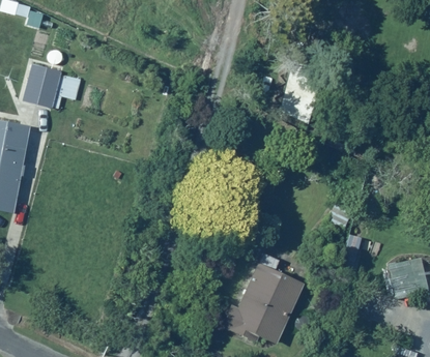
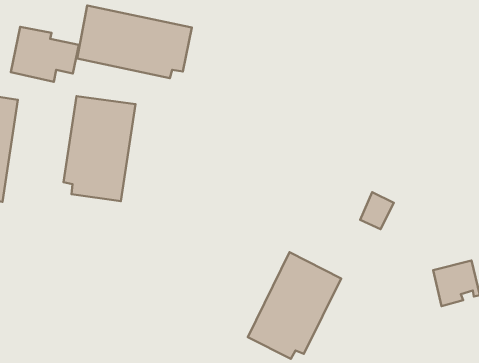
building: none -> [77,5,192,78]
building: none -> [63,96,136,201]

